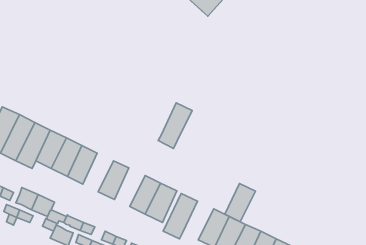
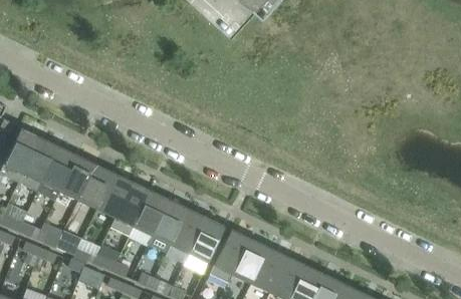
building: [158,103,192,148] -> [148,199,188,252]
building: none -> [110,182,151,235]
building: [225,183,256,222] -> [232,238,268,283]

